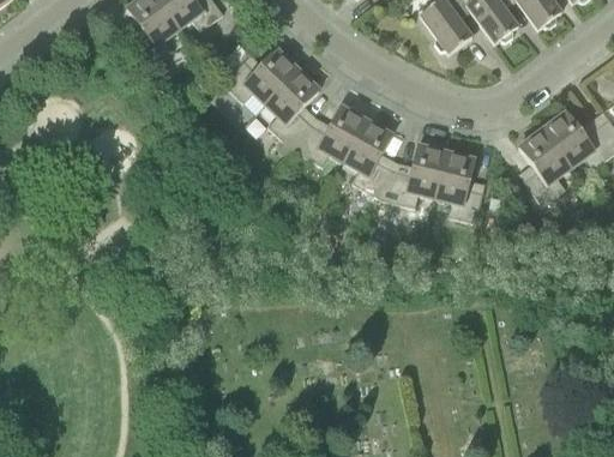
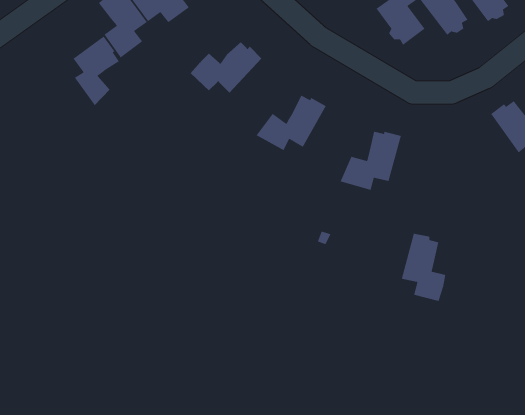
building: none -> [72,36,120,106]
building: [265,66,319,148] -> none
building: [343,116,393,197] -> none
building: [518,125,571,204] -> none
building: [434,148,482,221] -> [401,233,446,302]

